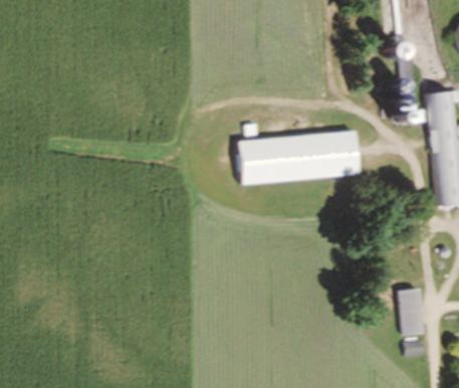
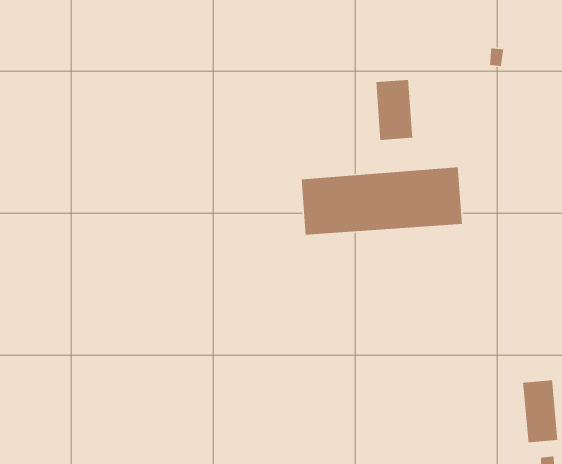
building: none -> [375,79,413,141]

